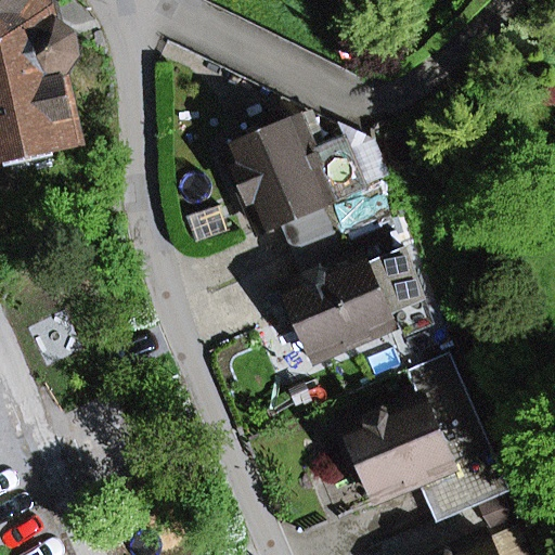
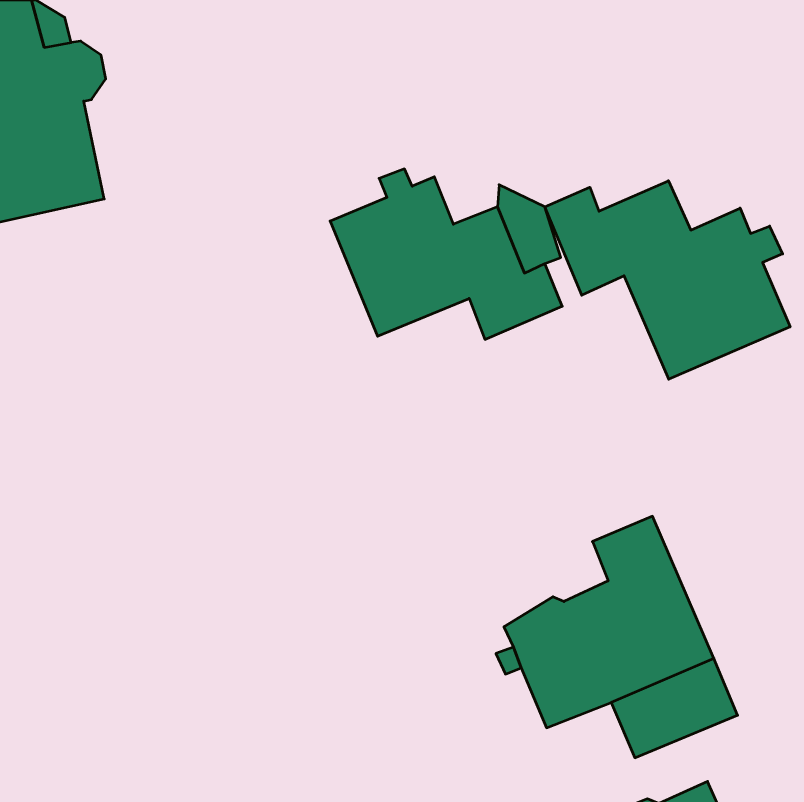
building: none -> [545,181,790,379]
building: [285,214,427,362] -> none

